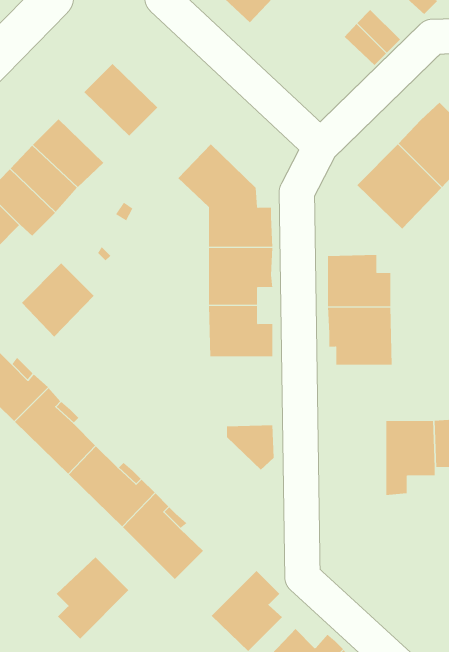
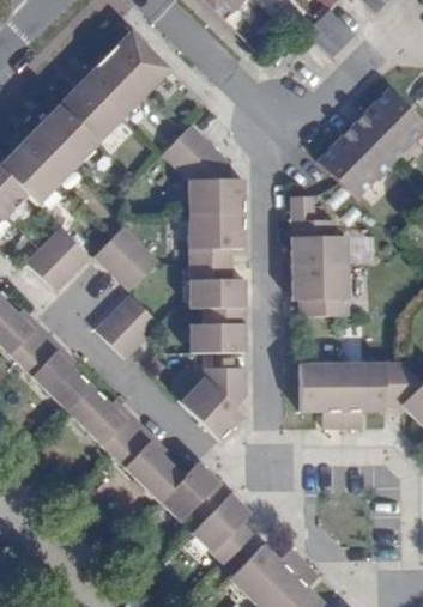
building: none -> [105,30,169,93]
building: none -> [59,80,120,141]
building: none -> [93,227,158,291]
building: none -> [95,296,159,359]
building: none -> [189,309,244,354]
building: none -> [298,364,342,429]
building: none -> [179,378,243,441]
building: none -> [159,462,230,524]
building: [56,556,129,640] -> none

